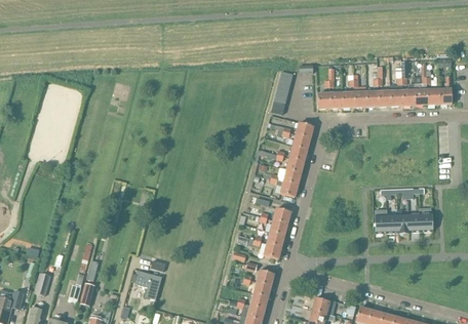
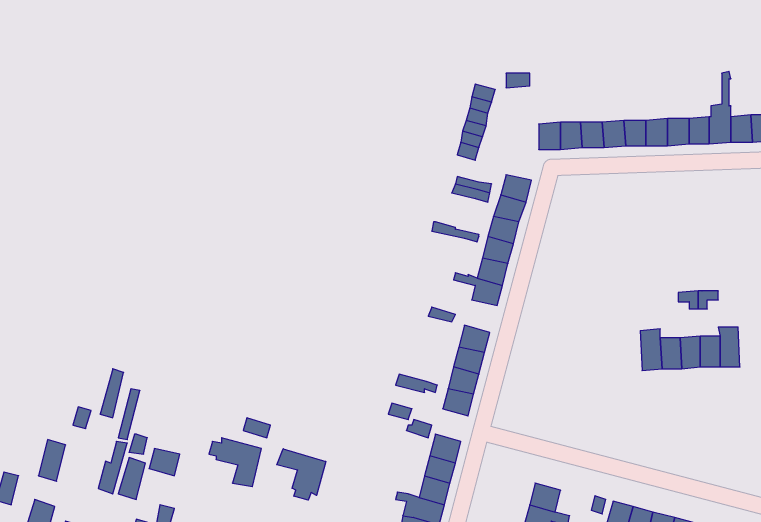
building: none -> [277,449,326,500]

